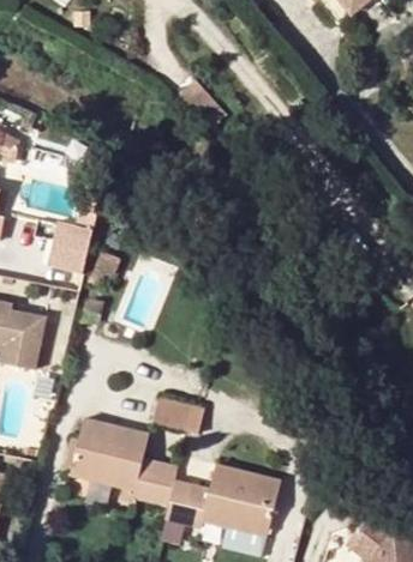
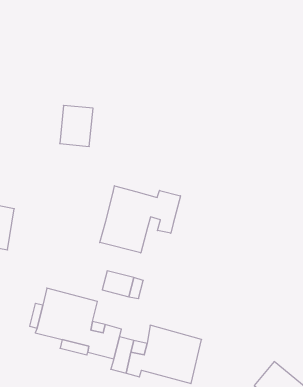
building: [53,220,95,272] -> [60,105,93,146]
building: none -> [100,186,180,253]

